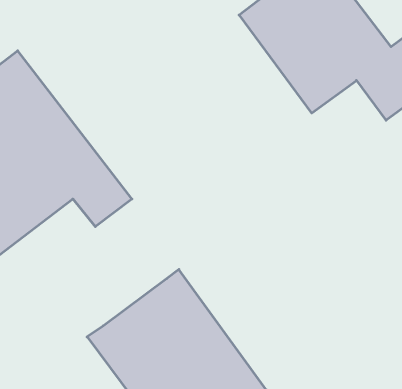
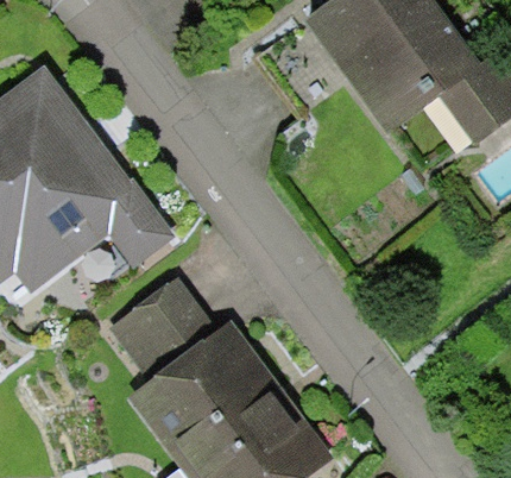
building: none -> [103,276,217,384]

